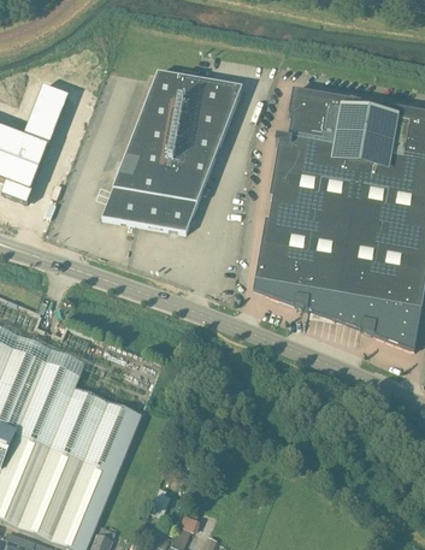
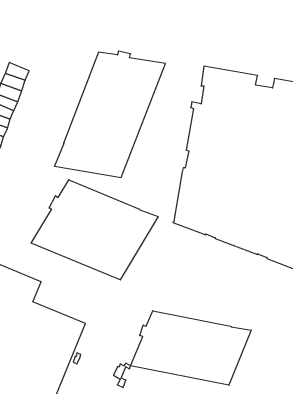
building: none -> [31,180,158,280]
building: none -> [131,311,251,385]

